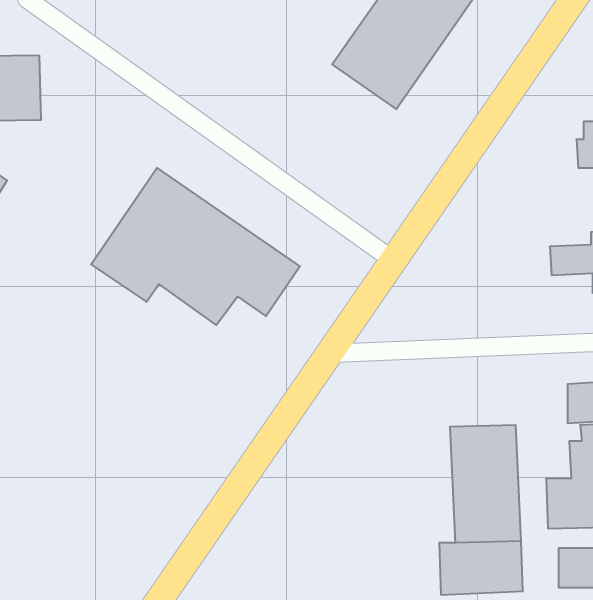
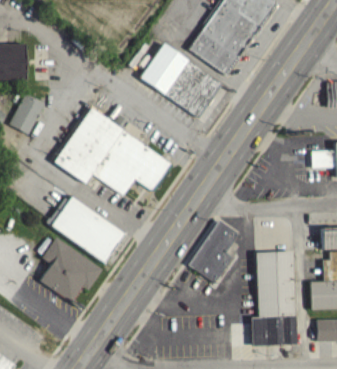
building: none -> [140,43,220,117]
building: none -> [10,92,45,133]
building: none -> [51,196,124,263]
building: none -> [188,219,238,283]
building: none -> [39,237,102,302]

